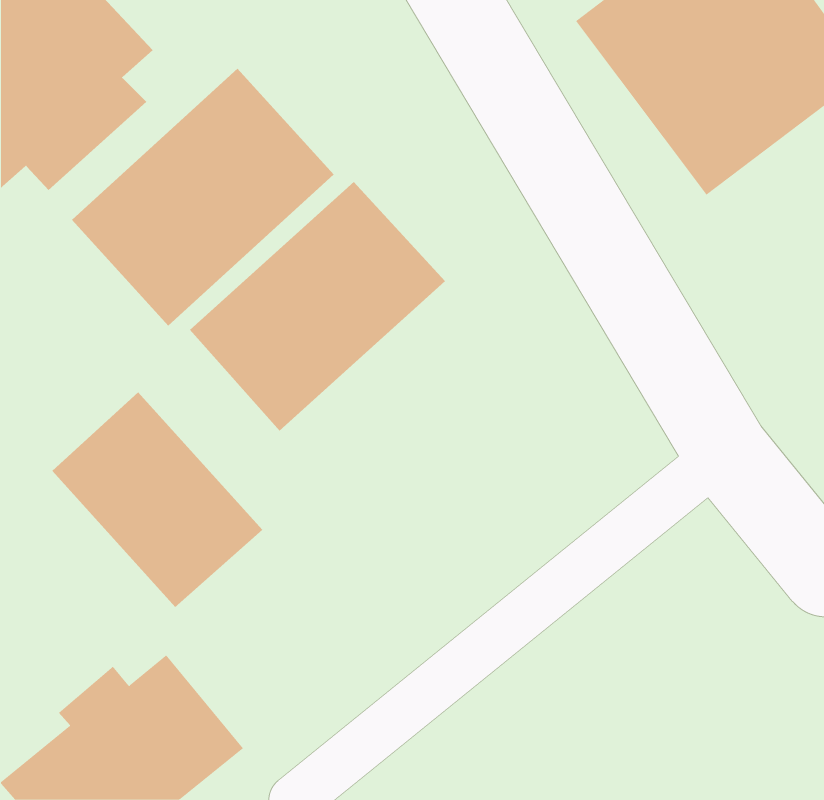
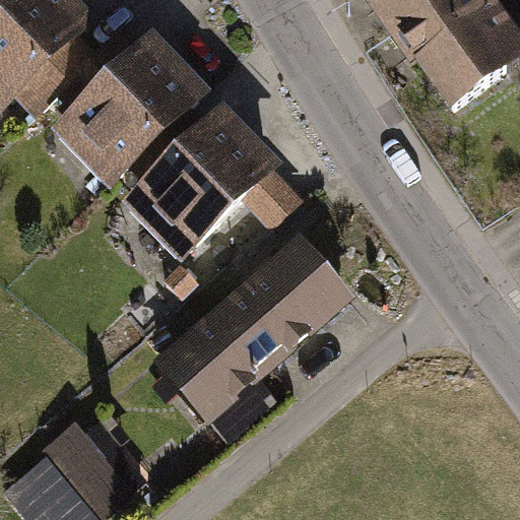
building: none -> [152,237,354,427]
building: [51,391,263,608] -> none

